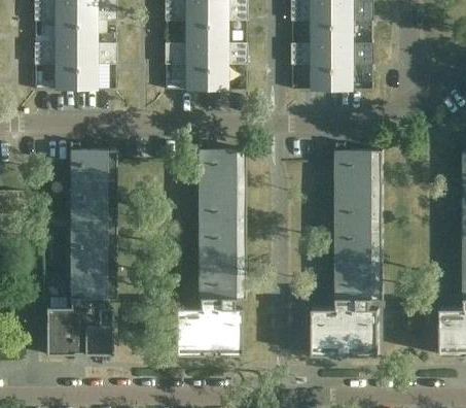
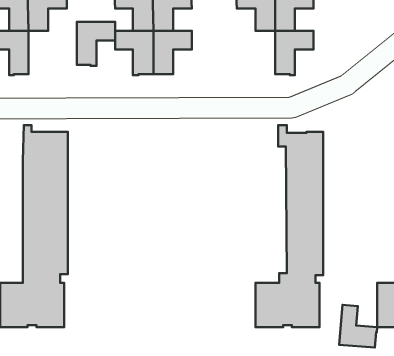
building: [69,44,109,91] -> [77,22,115,66]
building: [287,44,327,90] -> none
building: [168,143,239,355] -> none
building: none -> [339,305,377,348]

